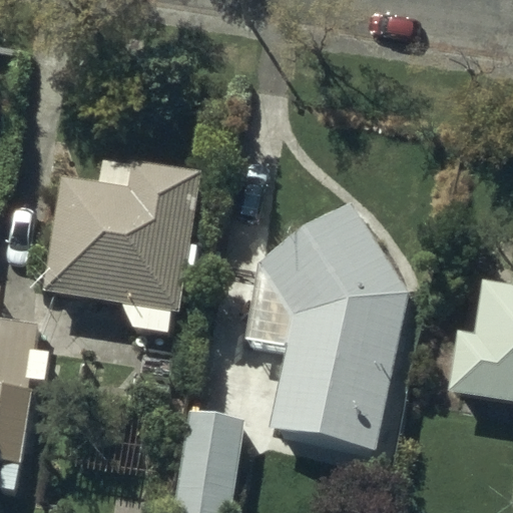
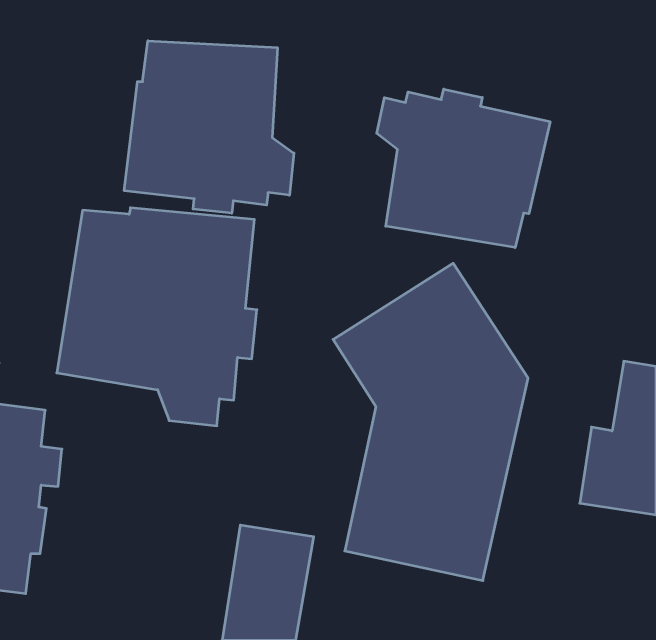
building: none -> [124,41,294,213]
building: none -> [377,89,550,248]

